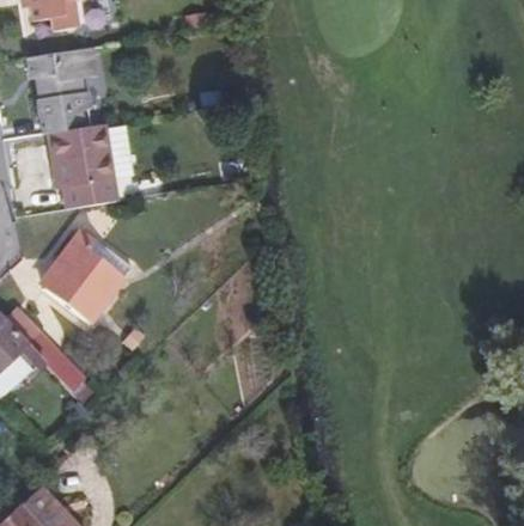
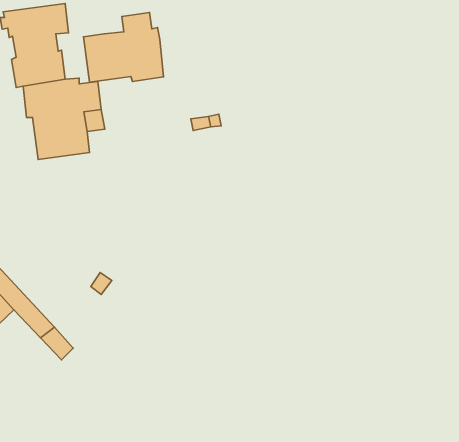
building: none -> [83,12,163,82]
building: [43,230,123,319] -> none

